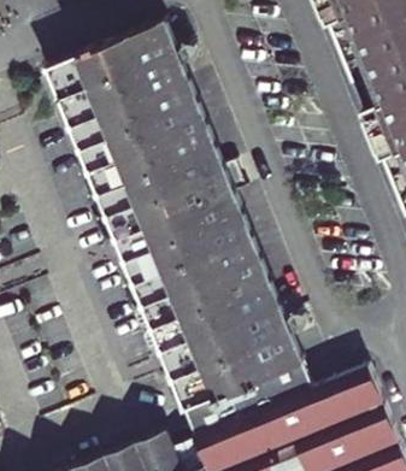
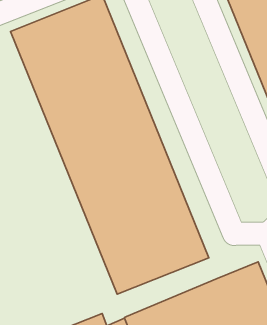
building: [186,358,316,434] -> none

